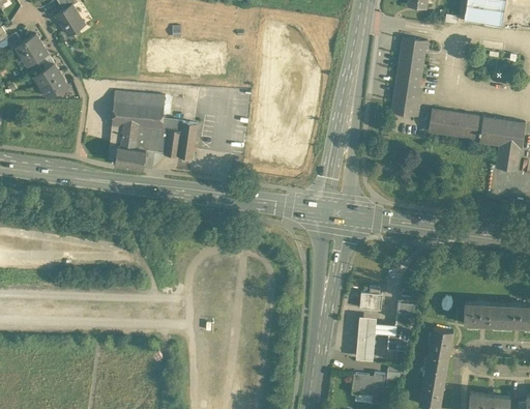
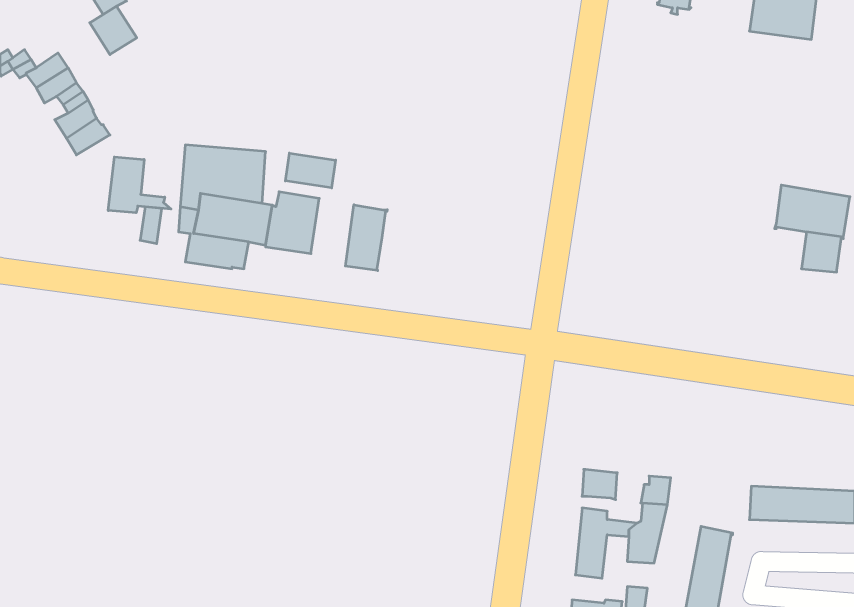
building: [391,38,428,118] -> none
building: none -> [285,153,336,188]
building: none -> [108,157,171,213]
building: [429,110,483,141] -> none
building: none -> [345,205,387,271]

